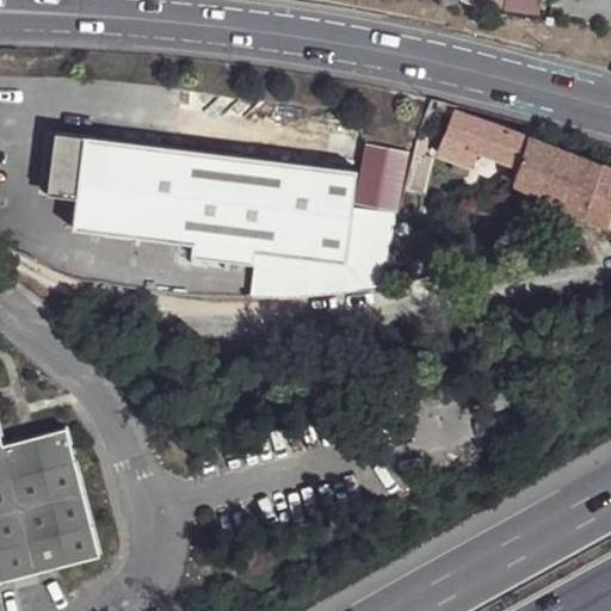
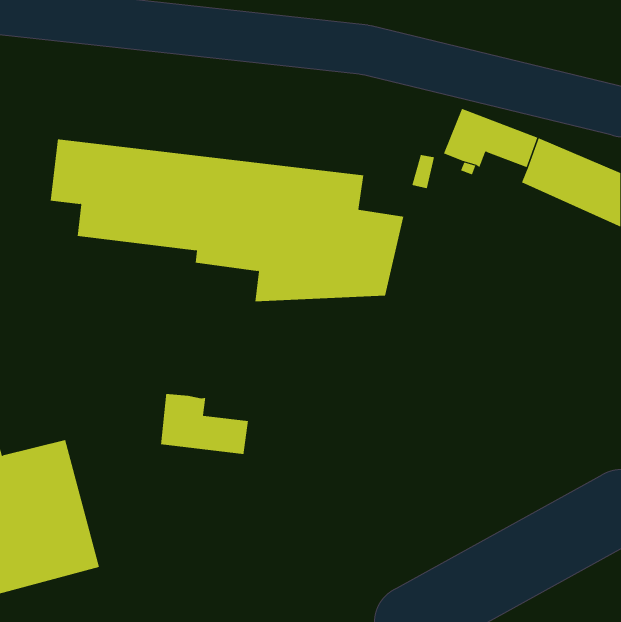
building: [366,143,407,202] -> none
building: none -> [161,393,249,455]

